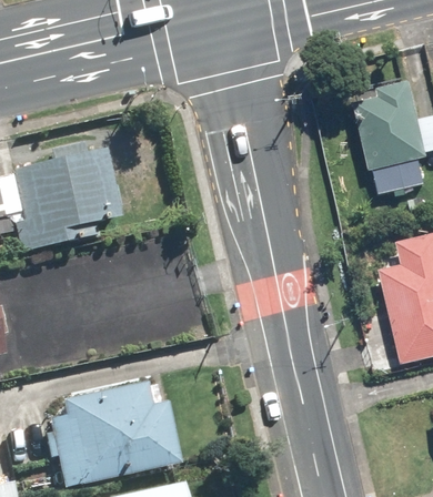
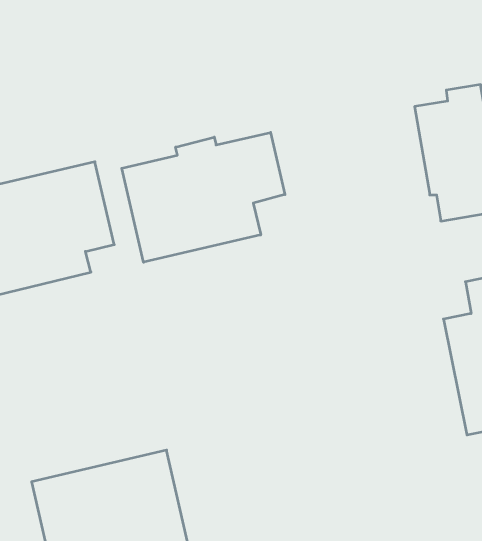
building: none -> [122,132,285,262]

